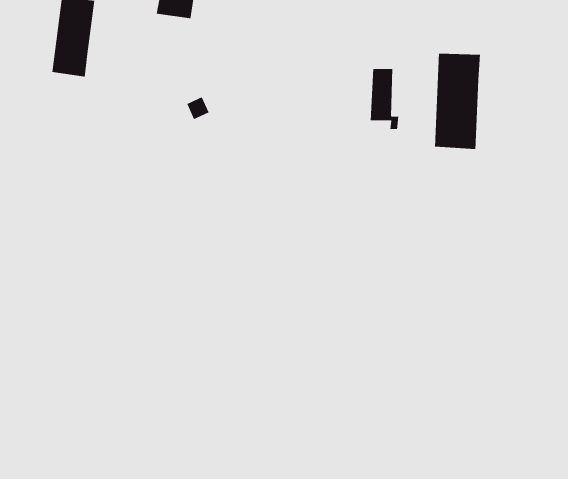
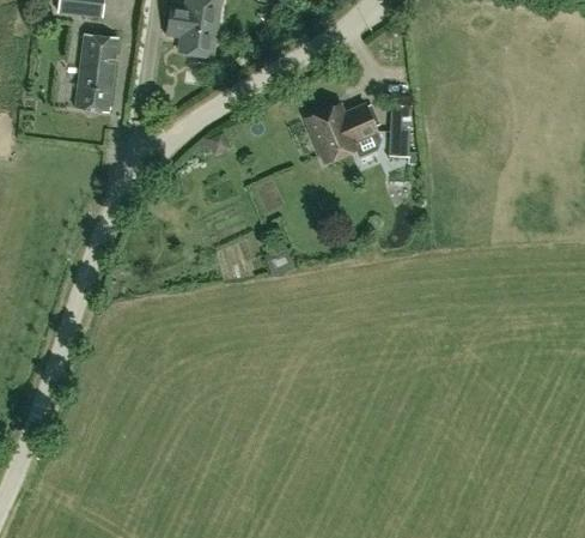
building: [434,53,480,150] -> none
building: none -> [306,103,380,162]

